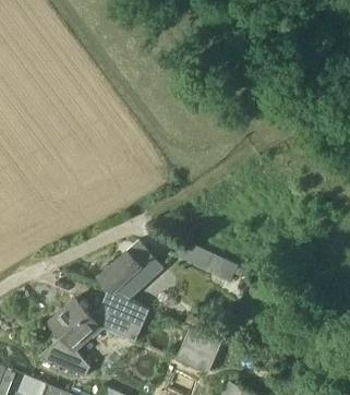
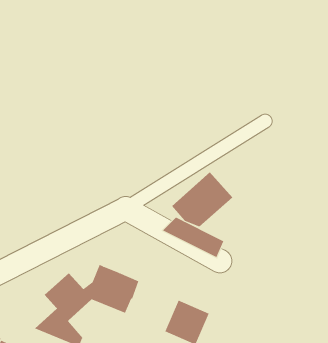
building: [99,241,164,299] -> [171,171,233,227]

